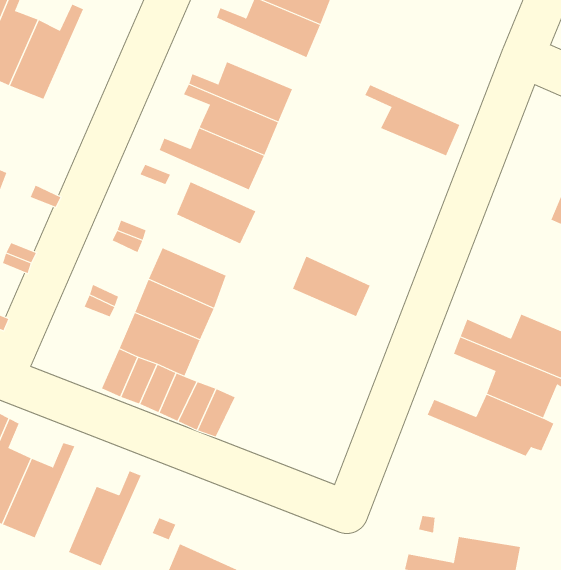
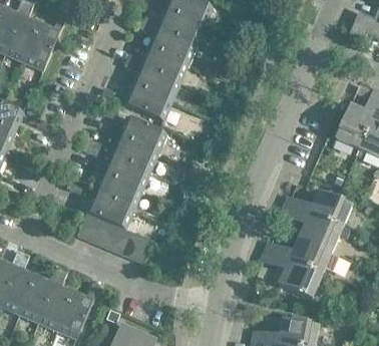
building: [365,85,460,156] -> [139,21,195,62]
building: [292,256,370,317] -> [111,134,156,169]
building: none -> [260,250,321,298]
building: none -> [38,268,73,329]

